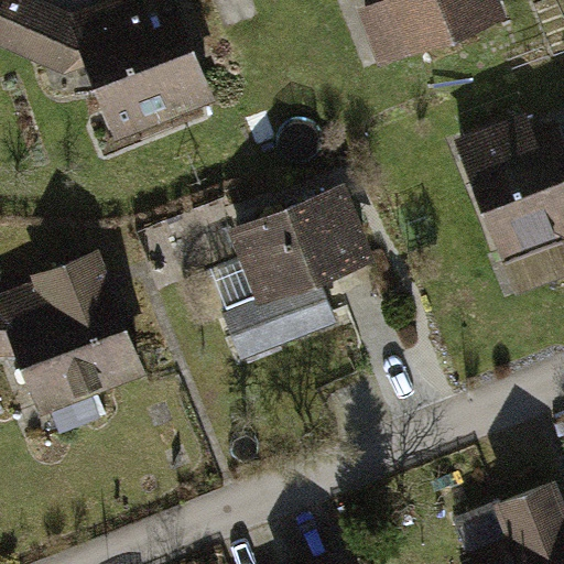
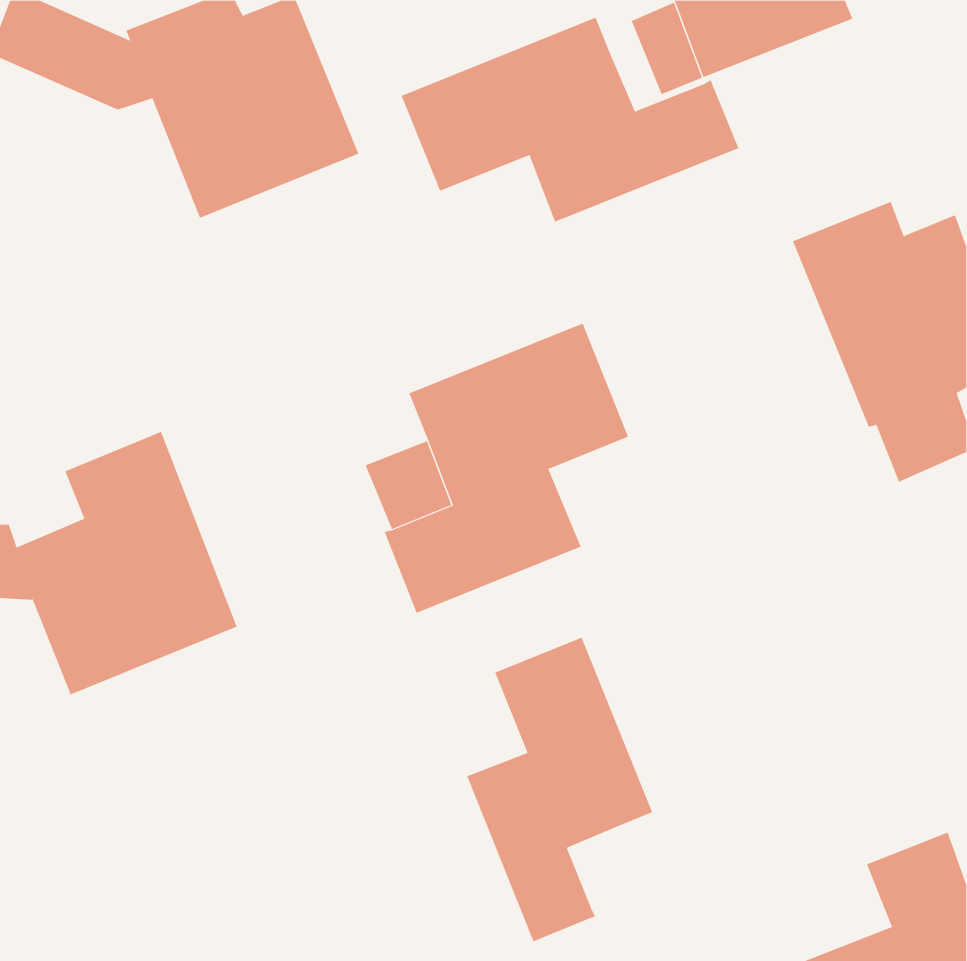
building: none -> [401,17,739,223]
building: none -> [466,637,653,942]

